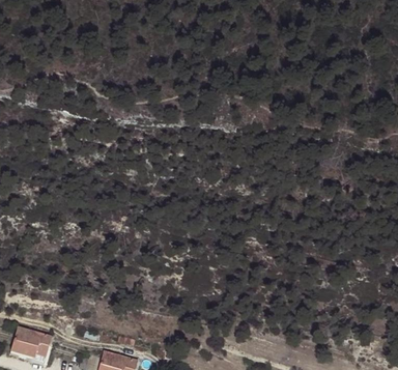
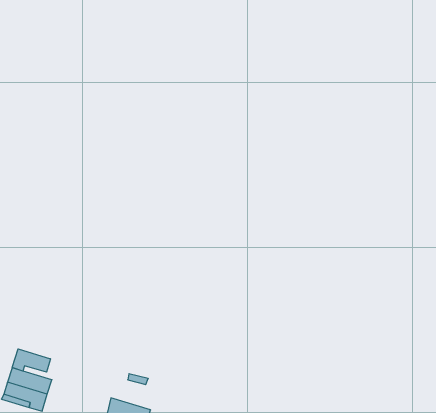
building: none -> [12,349,50,372]

